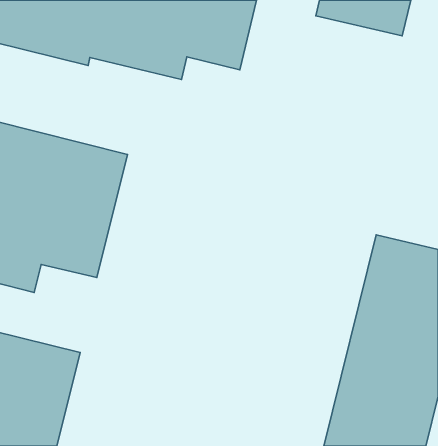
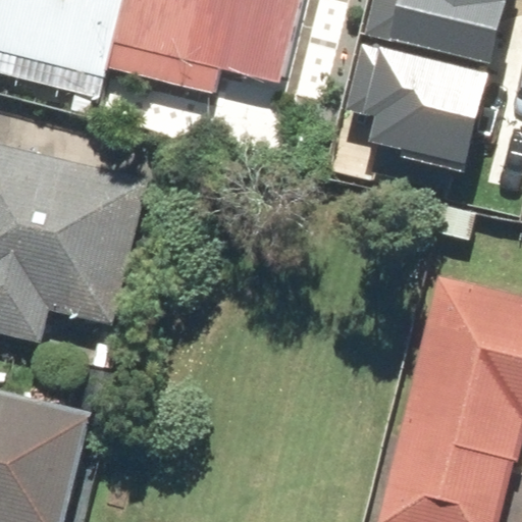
building: none -> [350,42,464,171]

